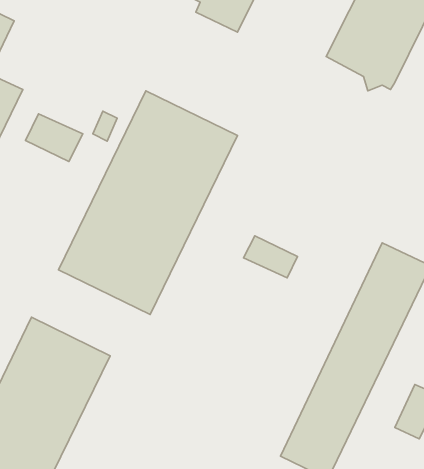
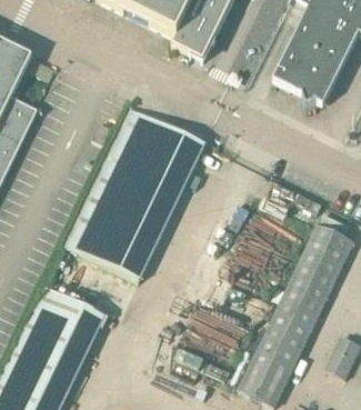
building: [26,114,83,161] -> none
building: [244,236,298,278] -> none

